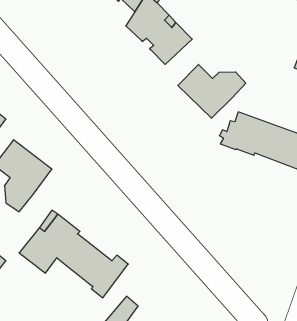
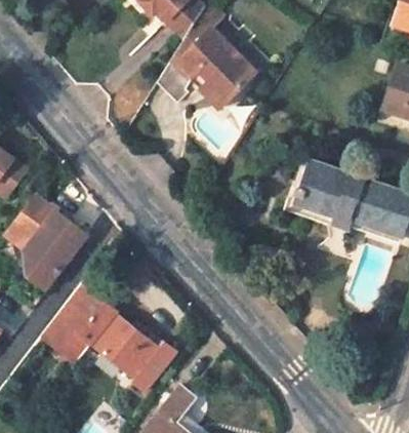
building: none -> [157,54,194,101]
building: [178,64,246,118] -> none

